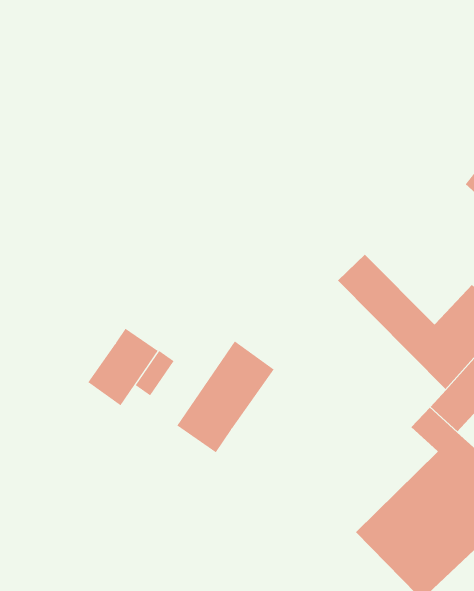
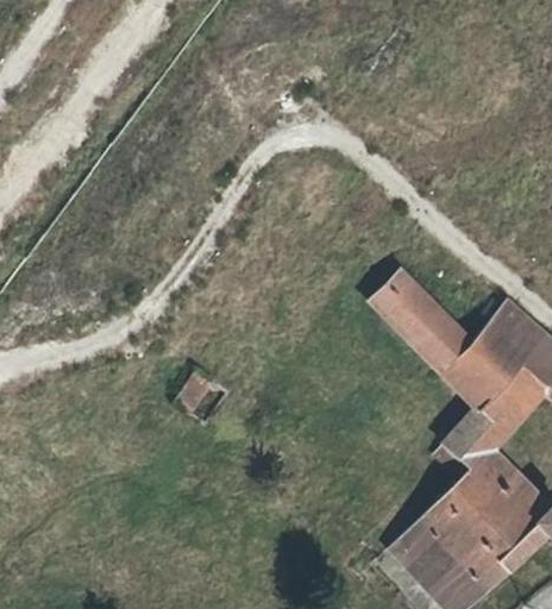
building: [87,328,158,406] -> none
building: [176,340,274,453] -> none

